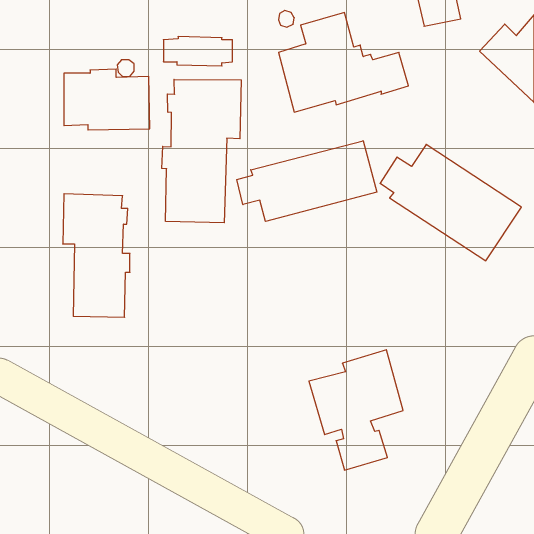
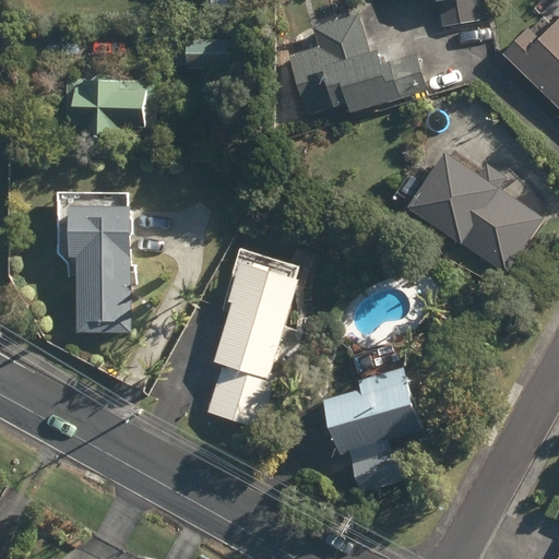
building: [162,79,241,223] -> none
building: [237,141,377,221] -> none
building: none -> [207,262,297,427]

